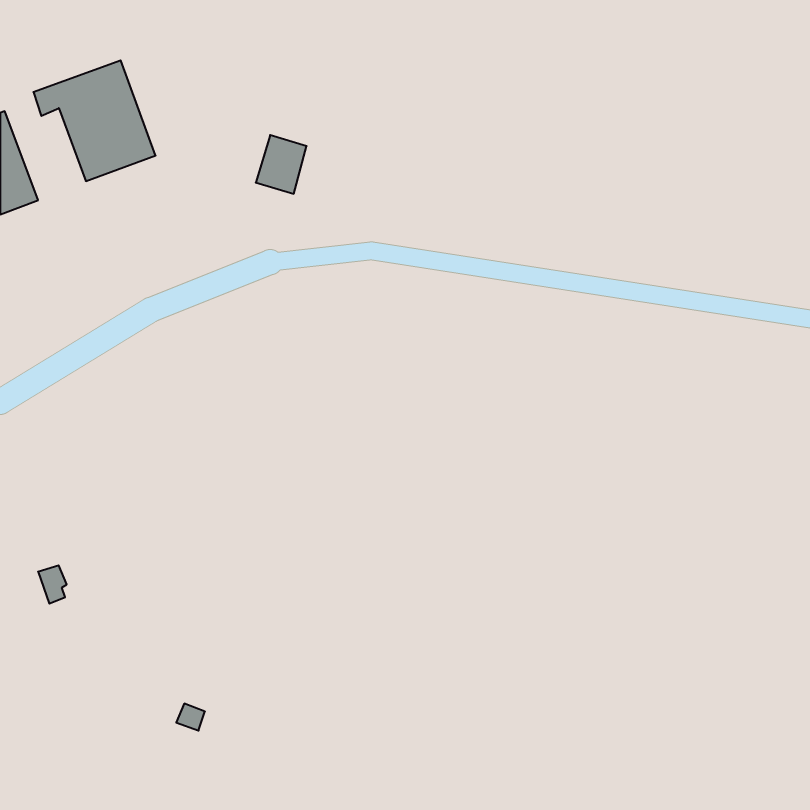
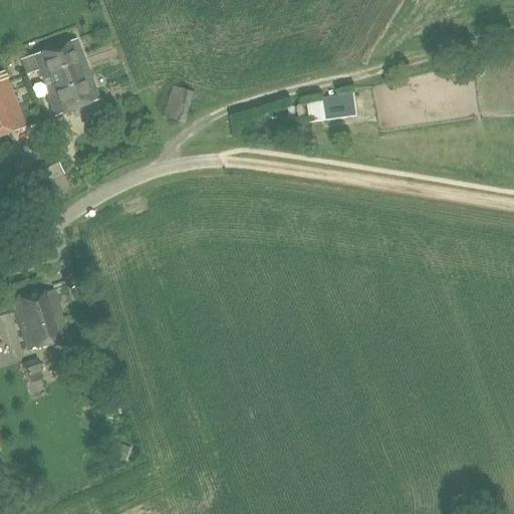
building: none -> [322,92,356,119]
building: none -> [12,288,69,349]

